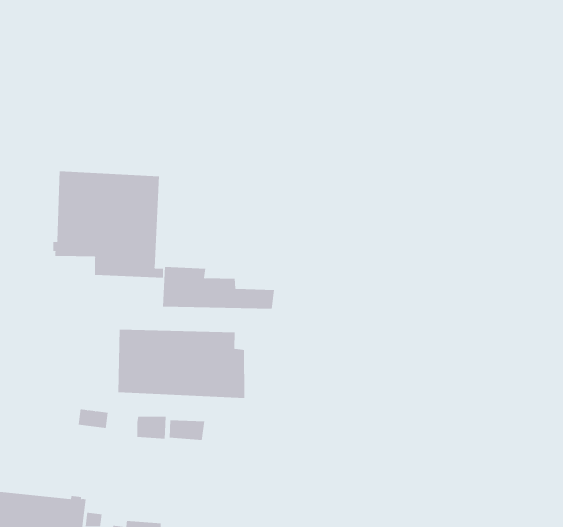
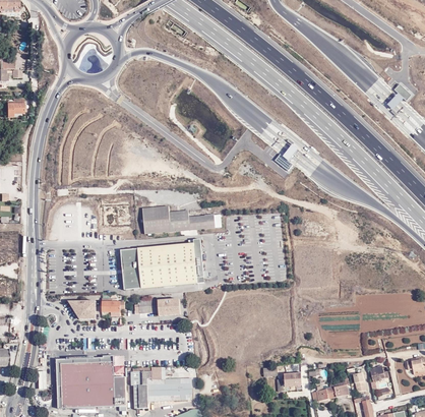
building: [53,171,163,279] -> none
building: none -> [67,301,95,318]

